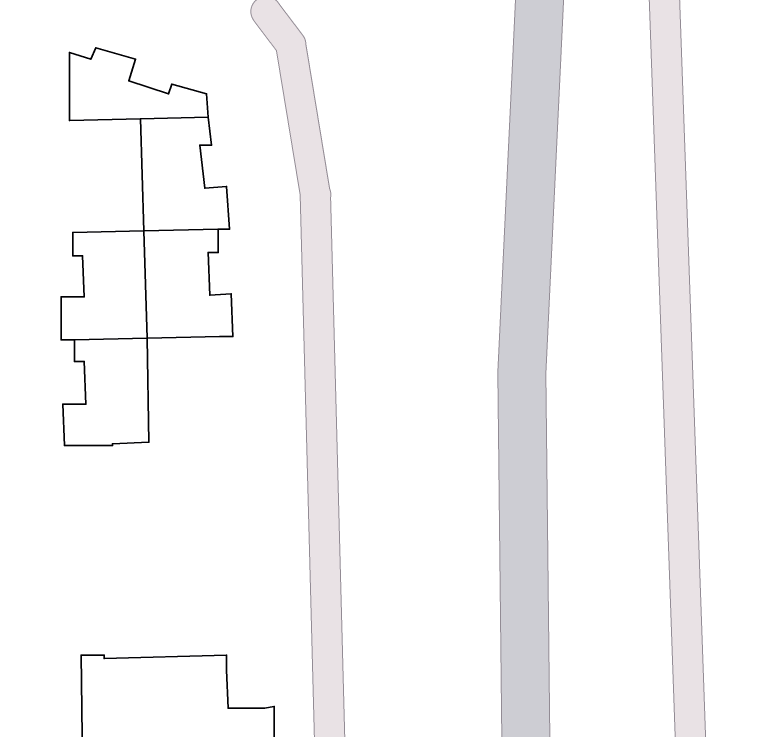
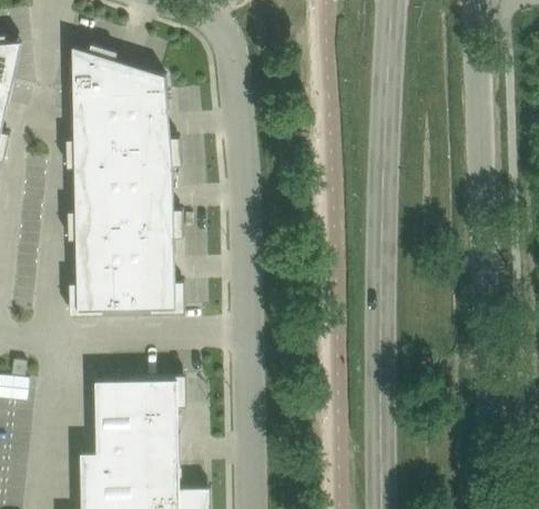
building: none -> [65,92,122,169]
building: none -> [124,238,183,311]
building: none -> [94,380,183,455]

